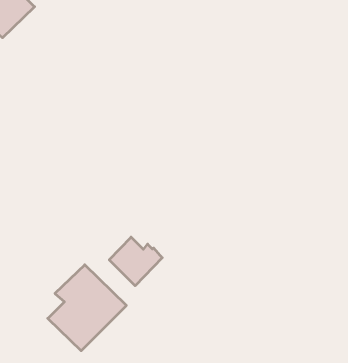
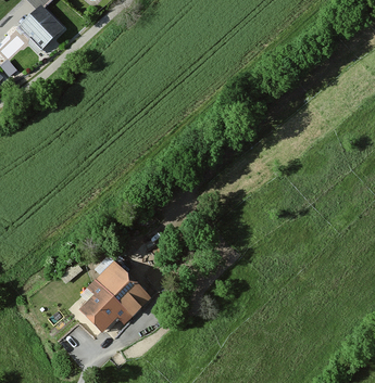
building: [109,237,162,286] -> none

